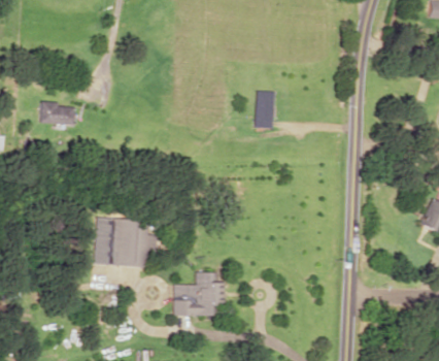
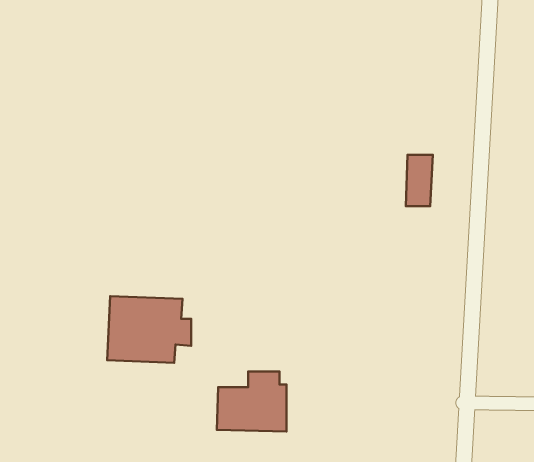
building: [256,91,275,128] -> [406,155,433,206]
building: [40,100,76,125] -> none

